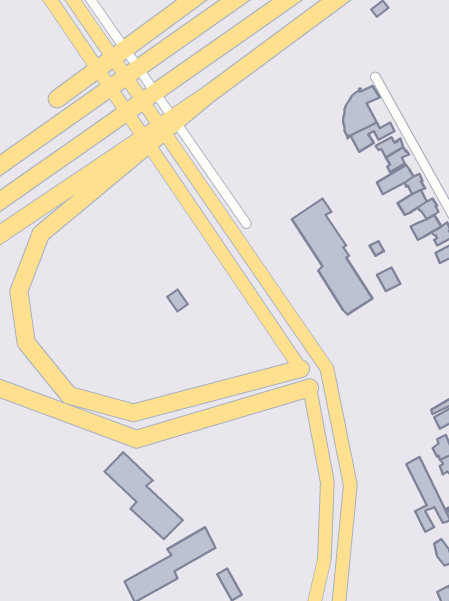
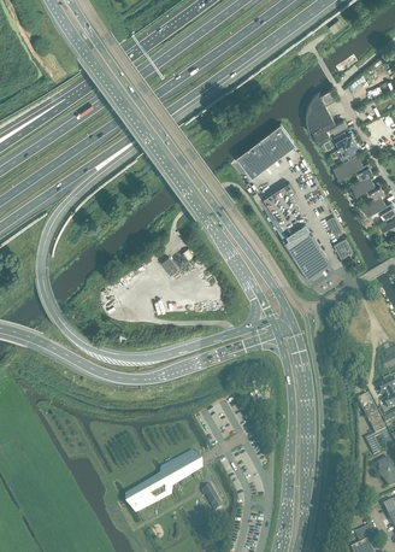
building: none -> [236,122,296,176]
building: [104,452,183,539] -> none

